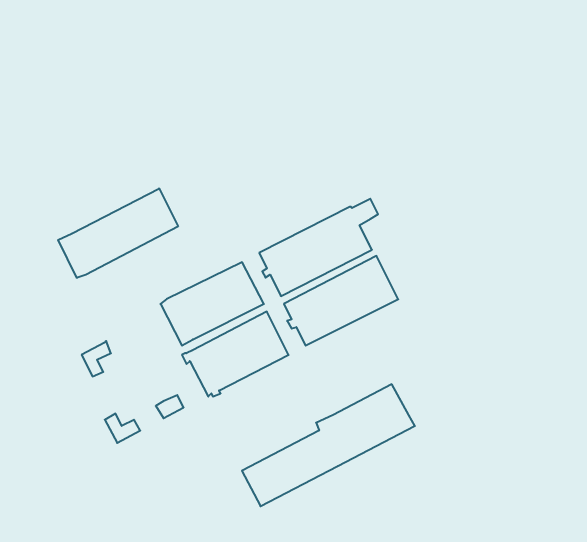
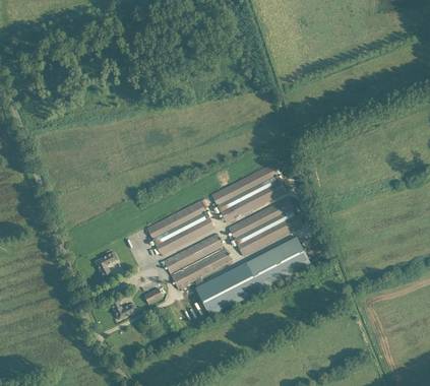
building: [58,188,178,278] -> none
building: [242,384,415,506] -> [197,235,311,315]

